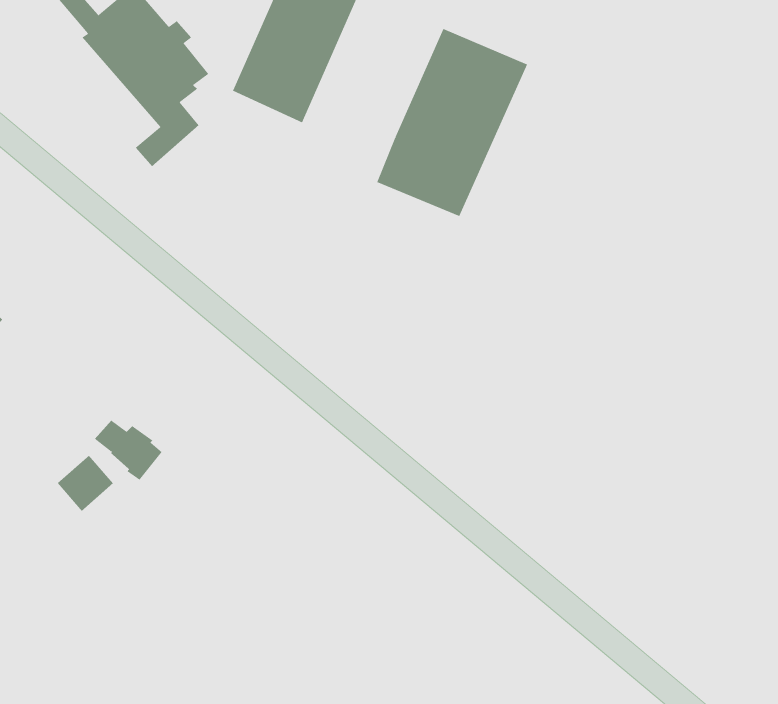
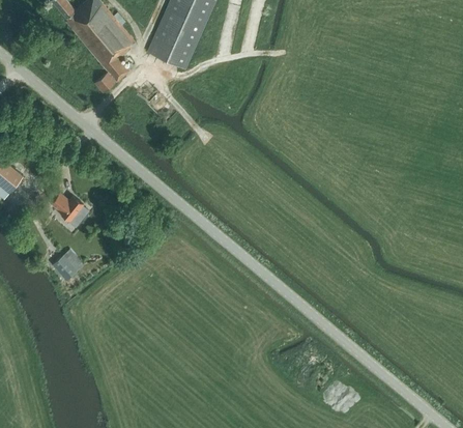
building: [377,28,528,217] -> none
building: [94,420,163,481] -> [51,194,88,227]

